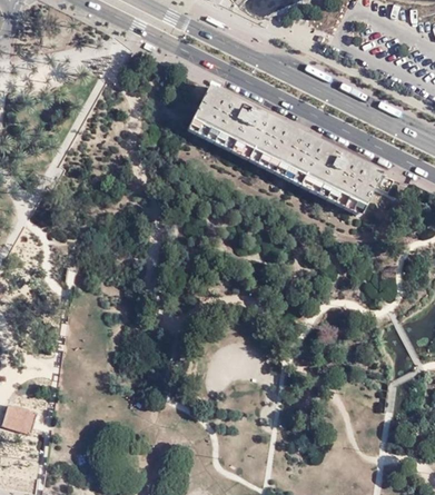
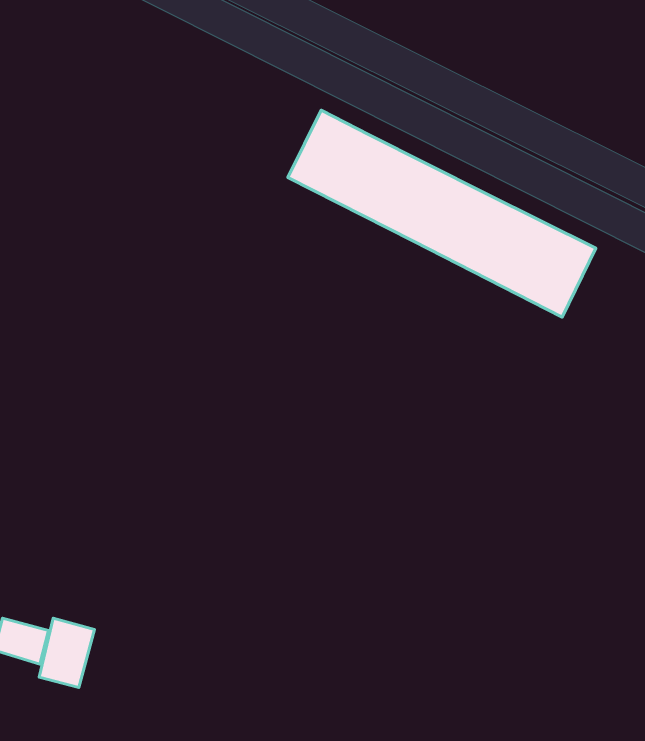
building: none -> [39,618,95,687]

